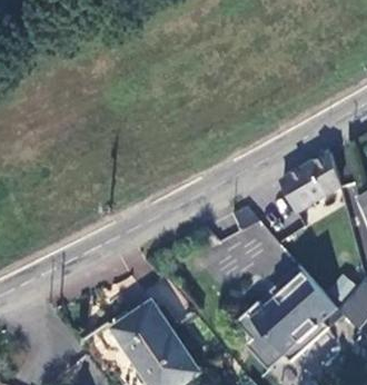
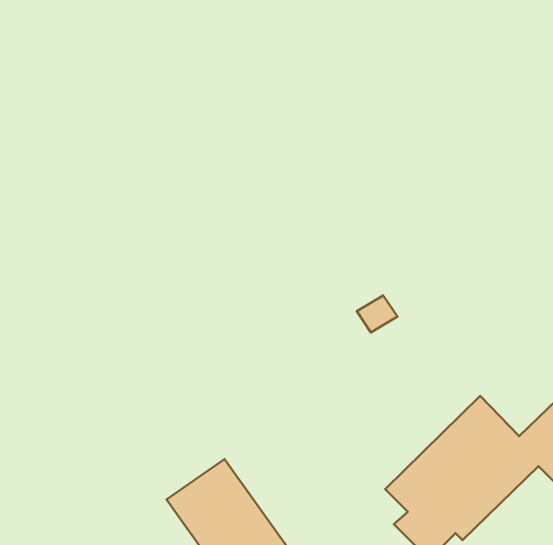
building: [277,157,340,213] -> none

